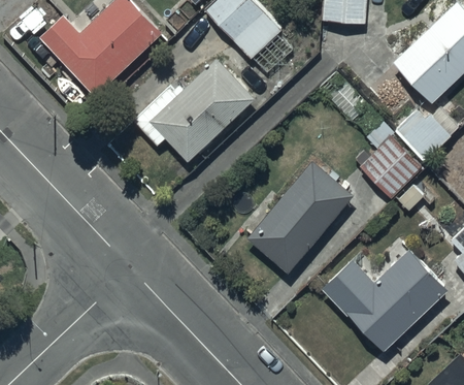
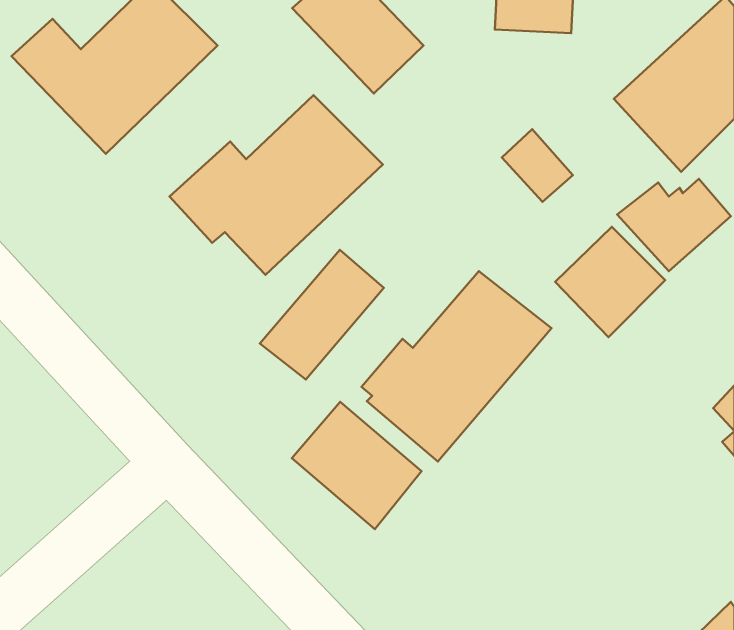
building: none -> [260,250,384,379]
building: none -> [292,402,422,529]
building: [322,250,446,352] -> none

